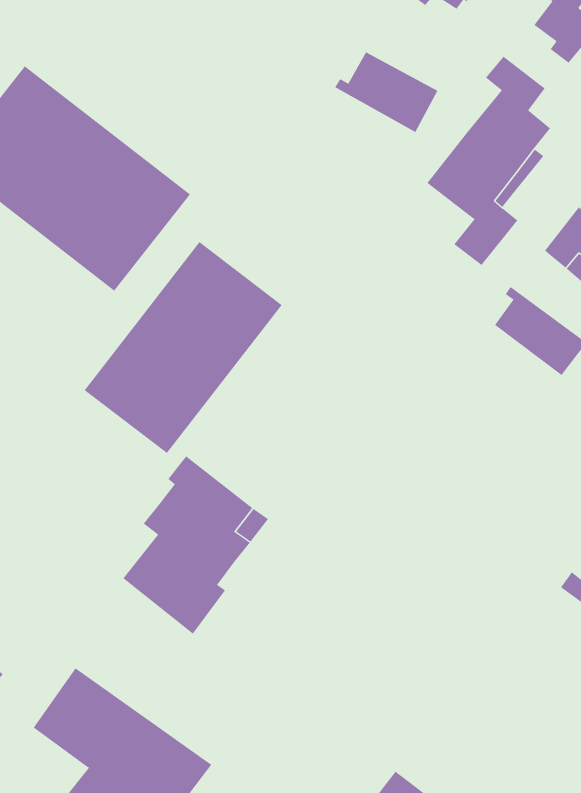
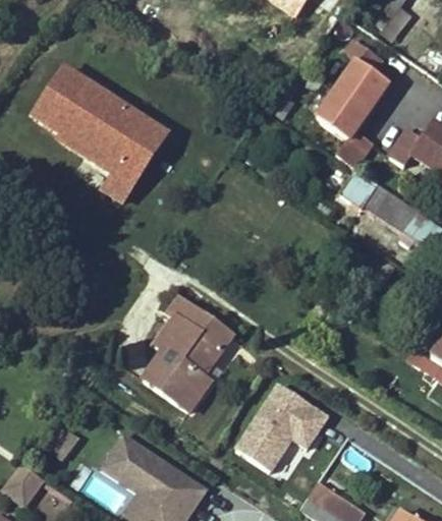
building: [335,52,438,133] -> none
building: [84,241,282,454] -> none
building: none -> [236,384,329,472]

